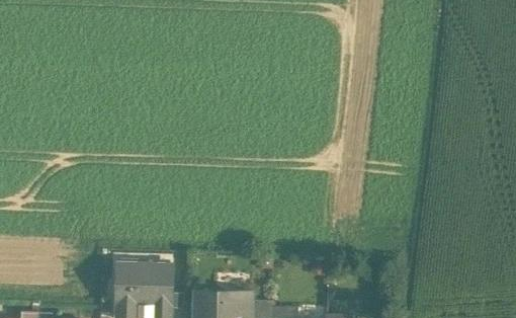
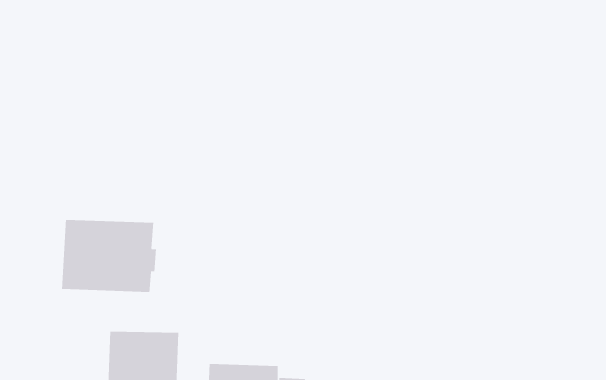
building: none -> [61,219,157,293]

